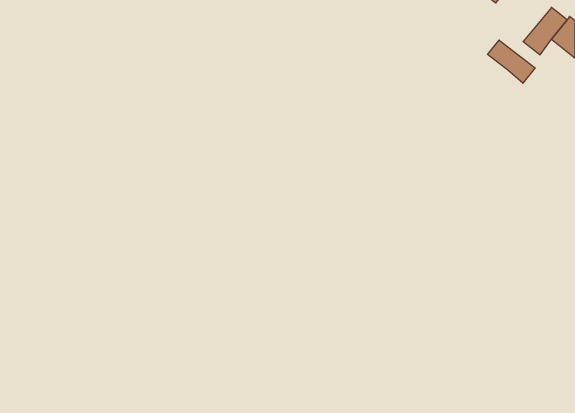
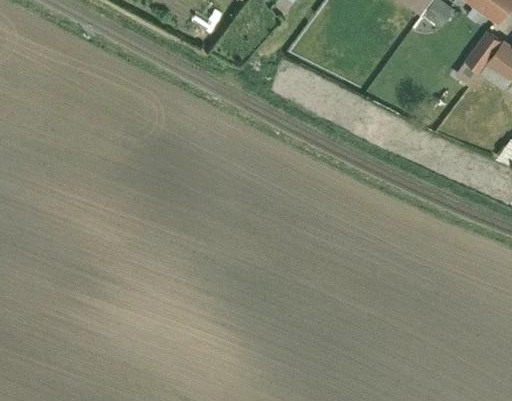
building: [488,40,535,83] -> none

